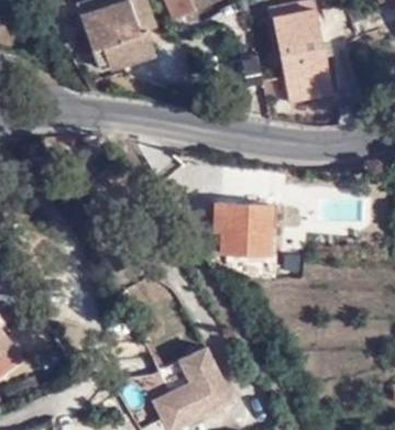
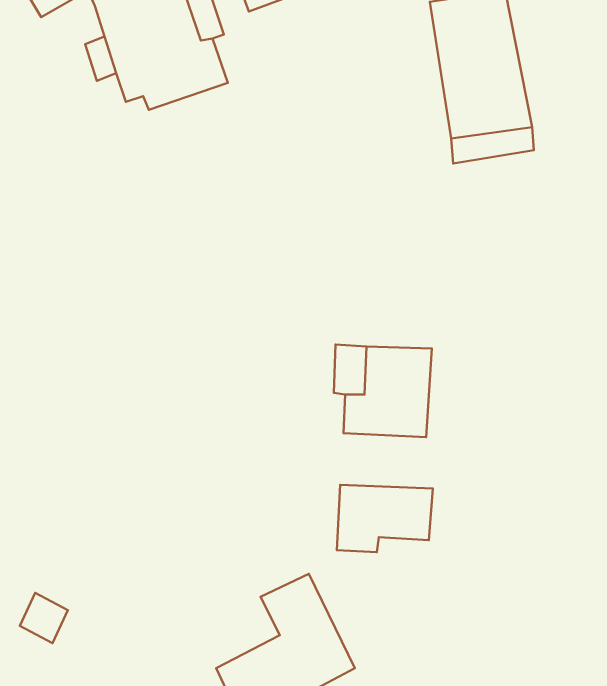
building: none -> [337,485,433,552]

